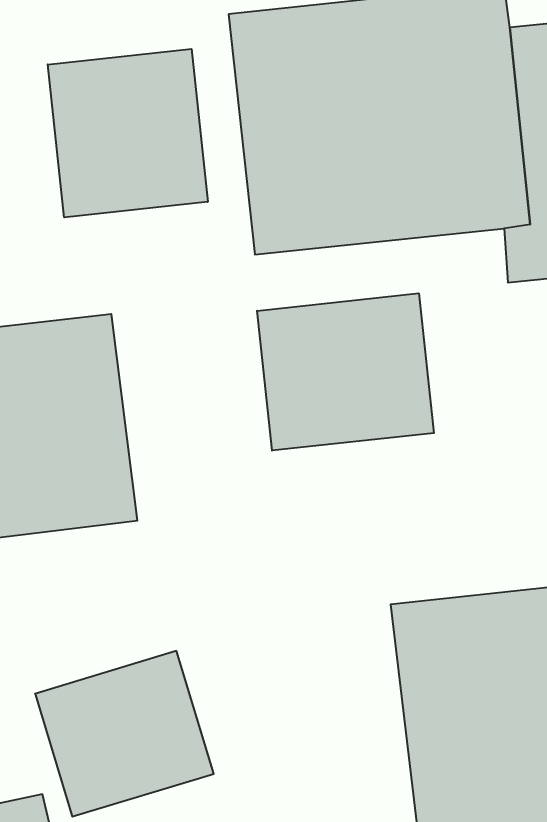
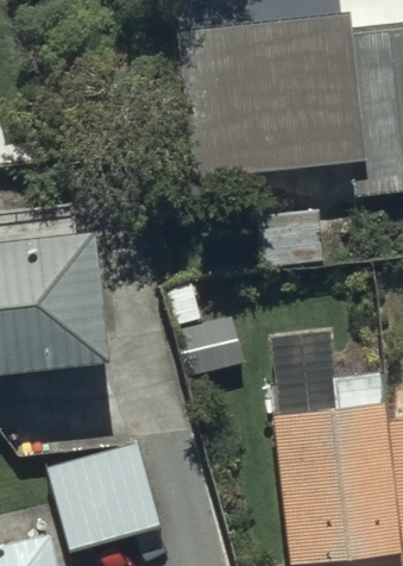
building: [48,49,208,217] -> none
building: [257,293,434,451] -> none

